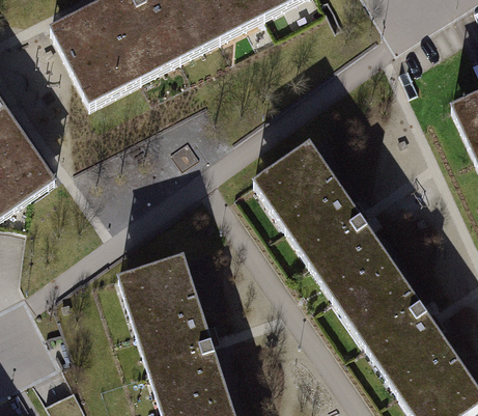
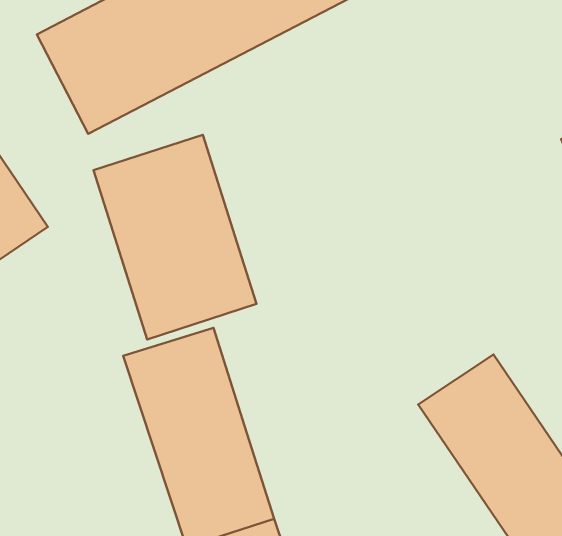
building: none -> [94,135,256,339]
building: [252,142,400,314] -> none

